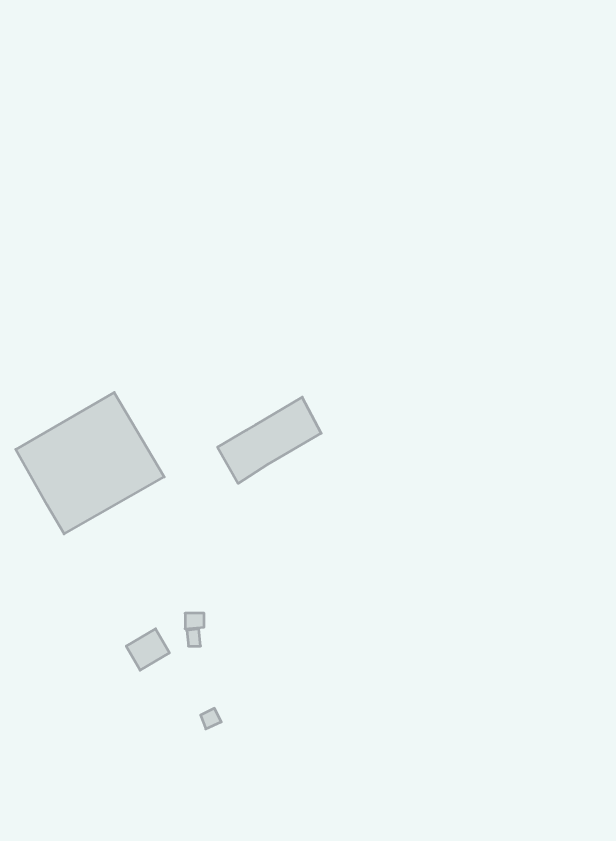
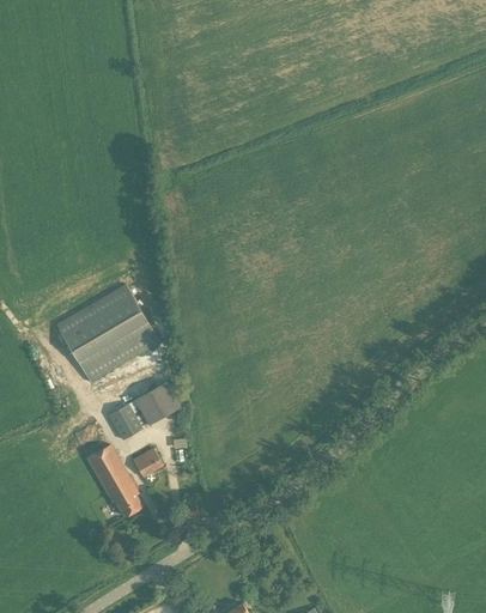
building: [218,397,321,483] -> [108,381,180,441]
building: none -> [87,444,142,515]

